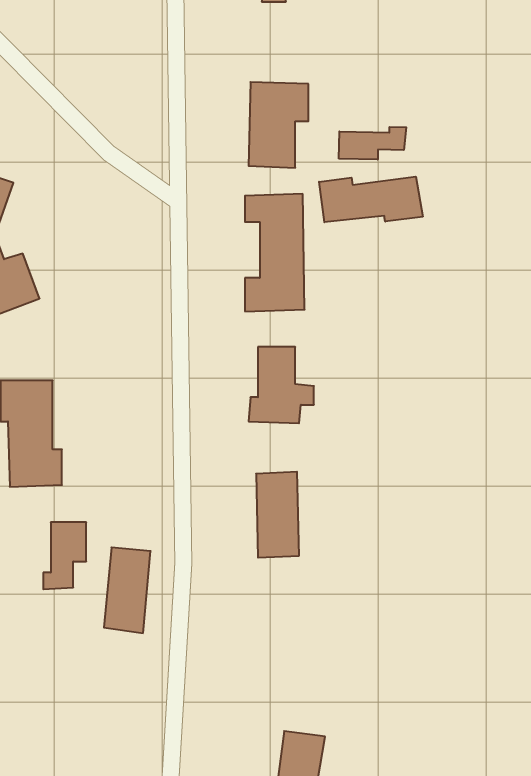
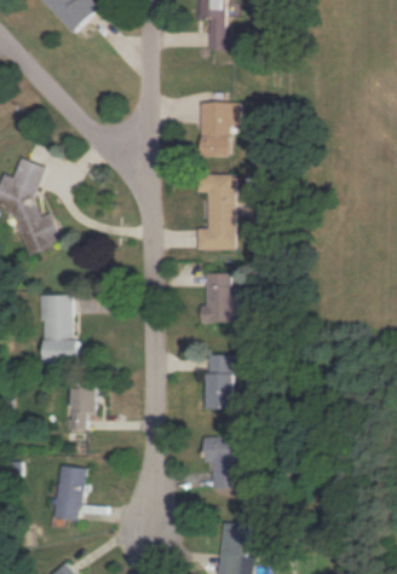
building: [339,127,406,160] -> none
building: [319,177,423,222] -> none
building: [104,547,151,633] -> [53,465,84,521]
building: none -> [201,435,252,488]

